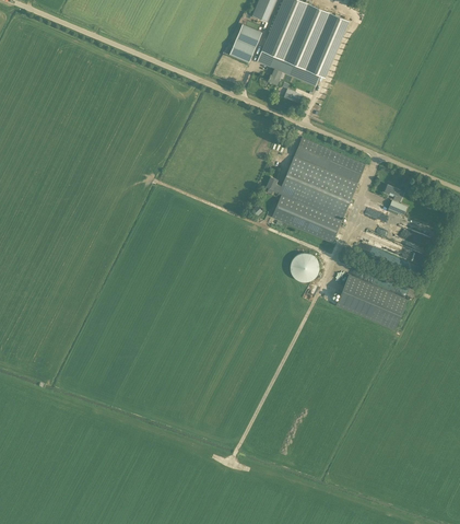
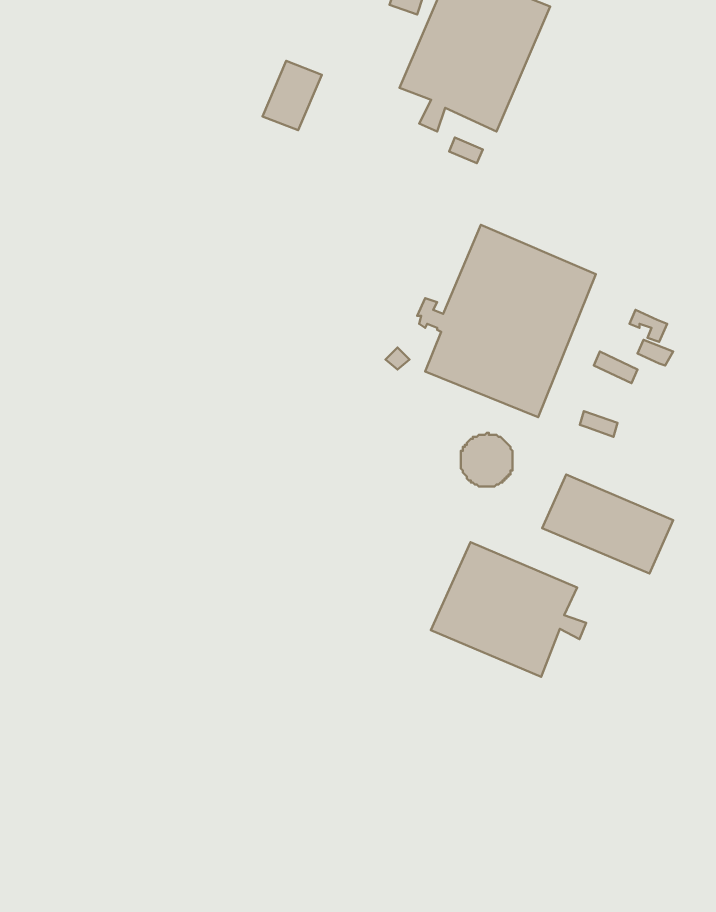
building: [229,24,262,62] -> [262,61,322,130]
building: none -> [431,542,586,677]

